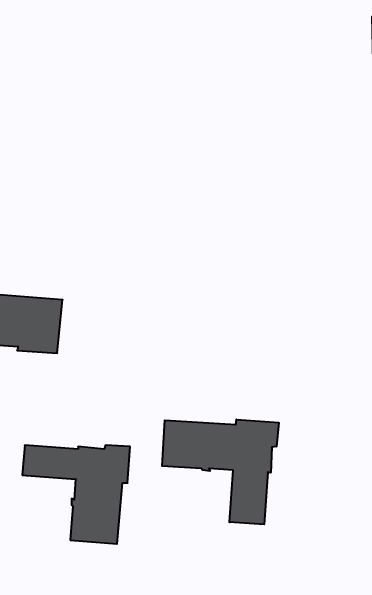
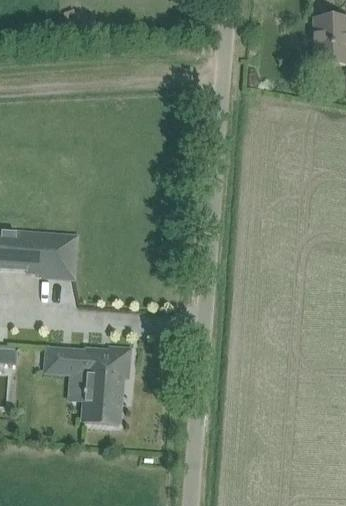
building: [162,419,279,524] -> none

